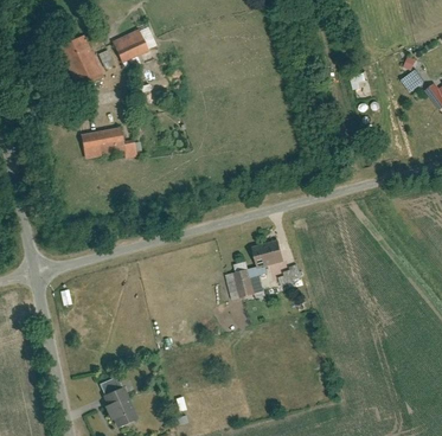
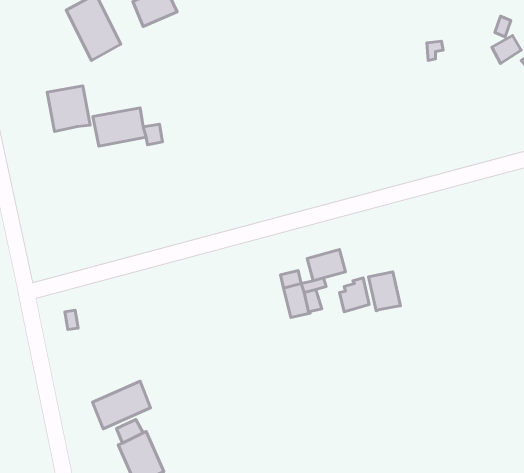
building: none -> [47,86,90,131]
building: none -> [368,272,401,311]
building: none -> [93,381,151,429]

